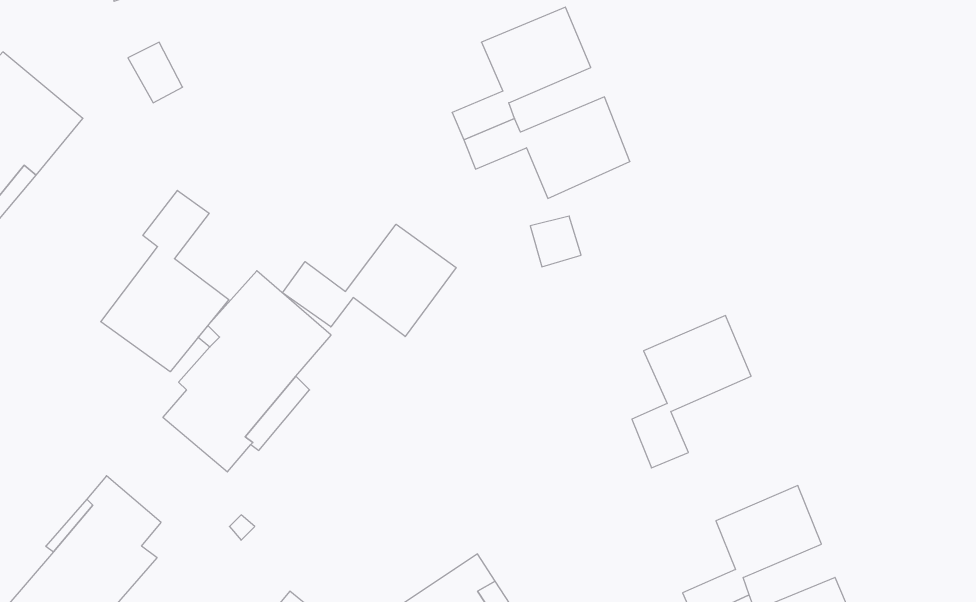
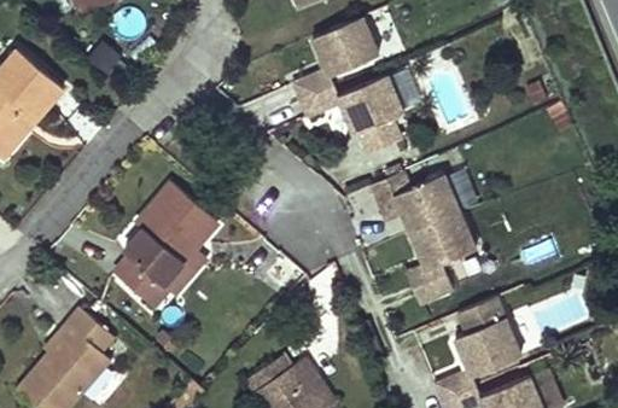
building: [101,190,229,372] -> none
building: [282,224,456,337] -> none
building: none -> [369,173,461,232]

